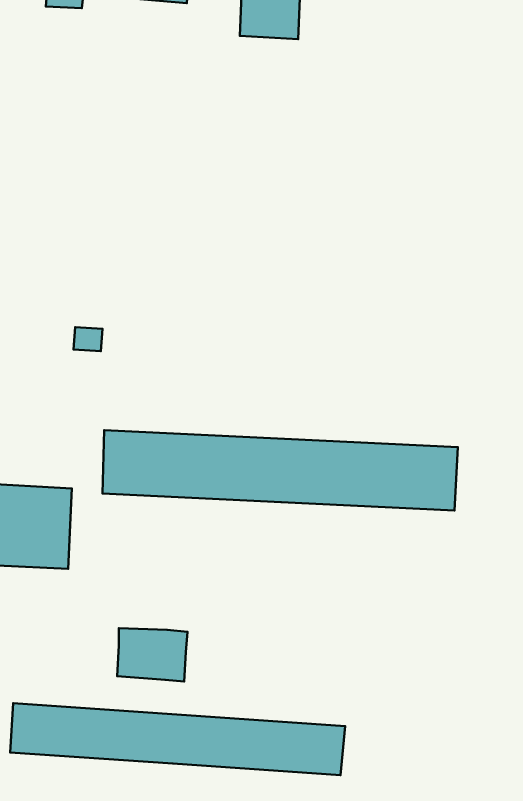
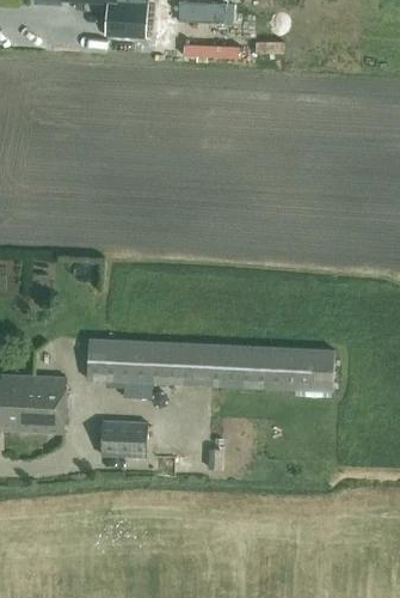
building: [117,628,188,681] -> [101,422,150,459]
building: [10,703,345,775] -> none

